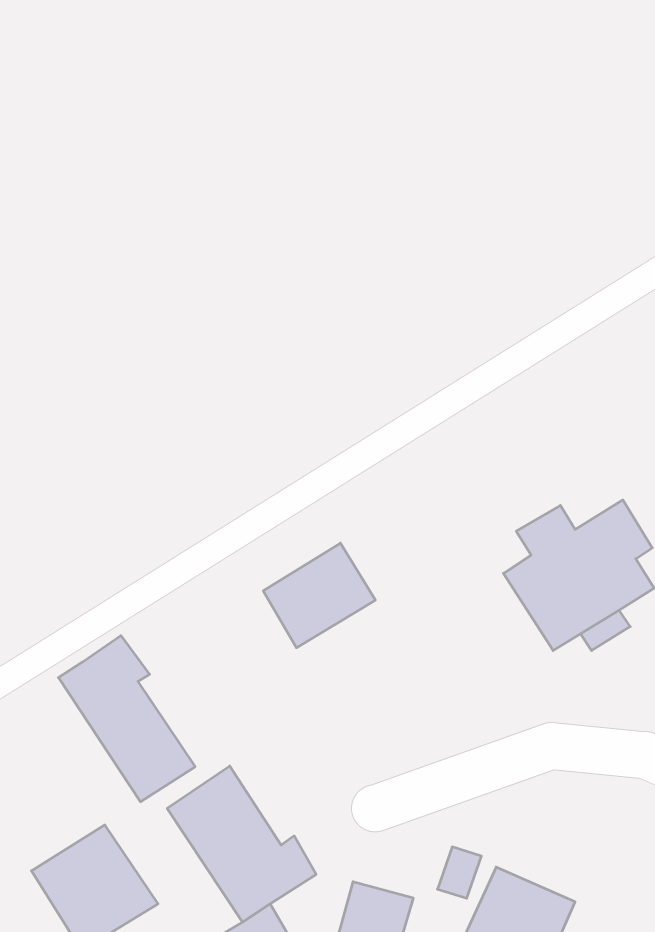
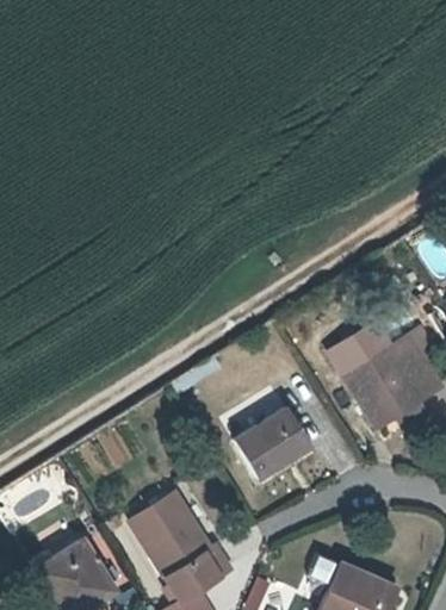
building: [263,543,375,648] -> [236,407,309,475]
building: [58,636,195,802] -> none

